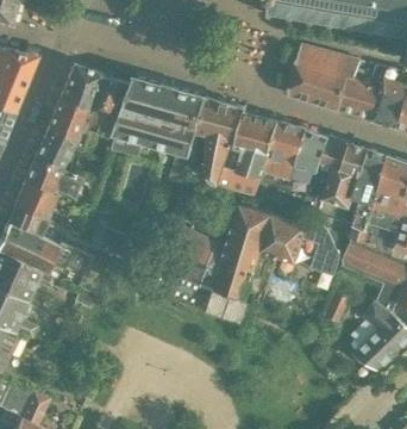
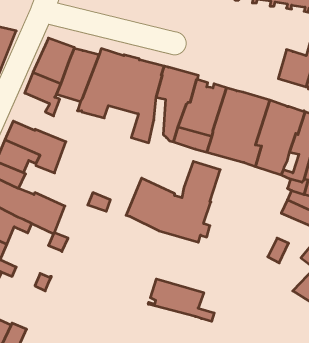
building: [288,44,359,110] -> none
building: [33,128,75,169] -> none
building: [259,214,339,275] -> none
building: none -> [148,279,214,321]

